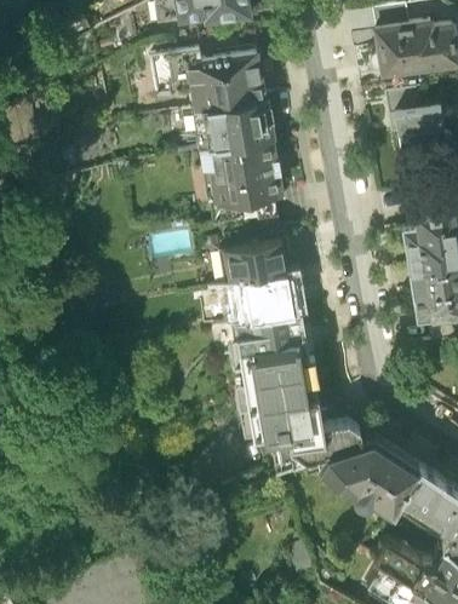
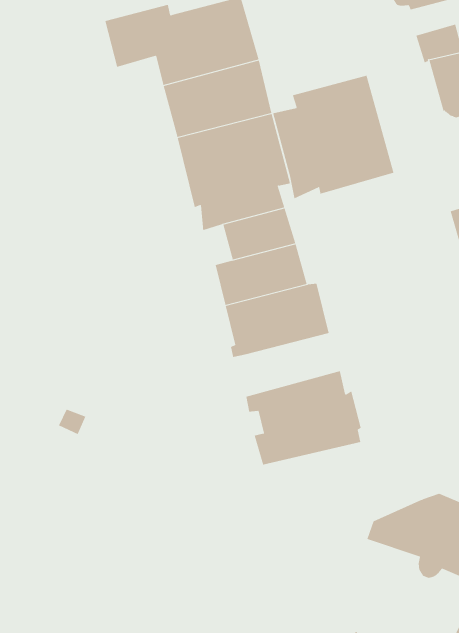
building: none -> [272,75,394,199]
building: [231,317,309,359] -> none
building: [244,402,362,477] -> none

